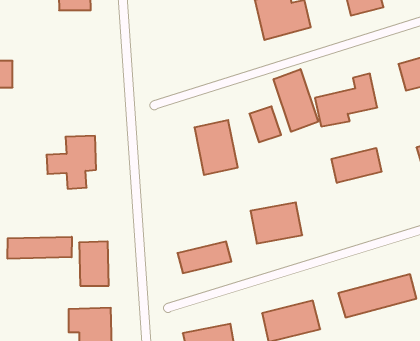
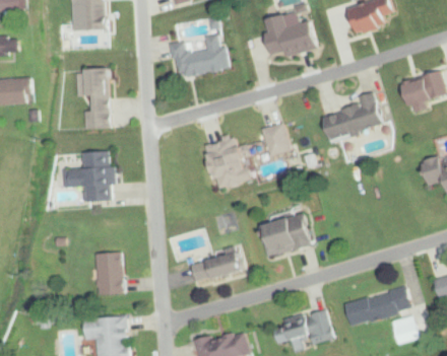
building: none -> [172,33,220,78]
building: none -> [77,70,108,129]
building: [274,69,318,132] -> none
building: [331,148,382,183] -> none
building: [8,237,72,259] -> none

